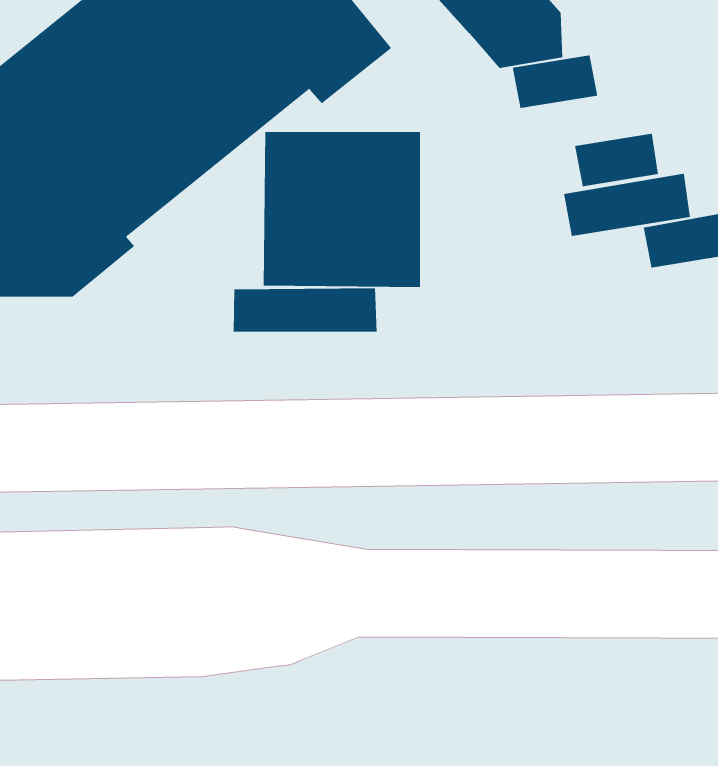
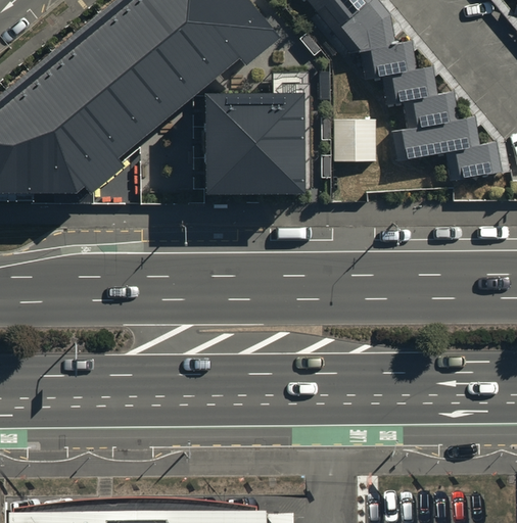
building: none -> [382,67,437,103]
building: none -> [334,122,373,161]
building: [233,287,377,332] -> none

